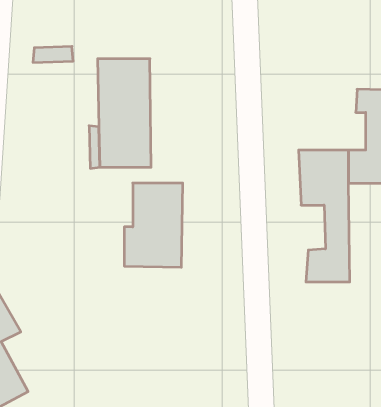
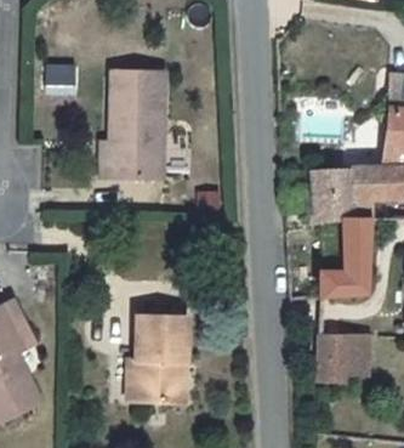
building: [124,183,183,267] -> [127,319,186,403]
building: none -> [319,330,368,380]

